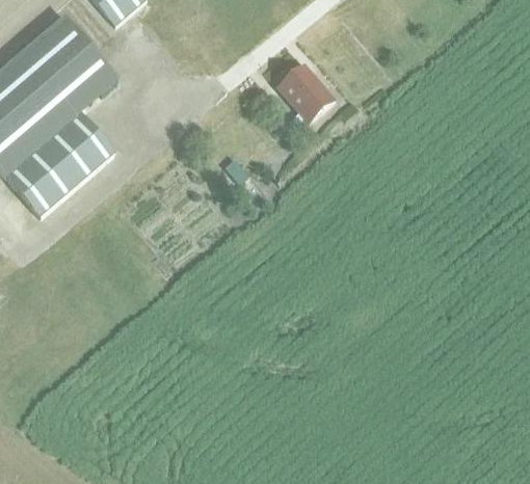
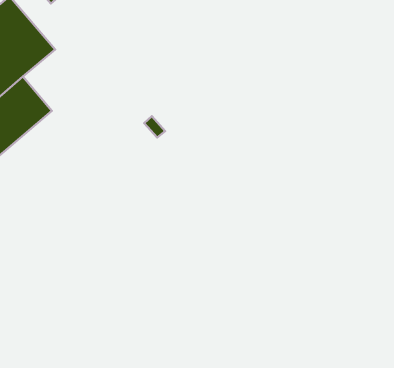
building: [275,63,333,123] -> none

